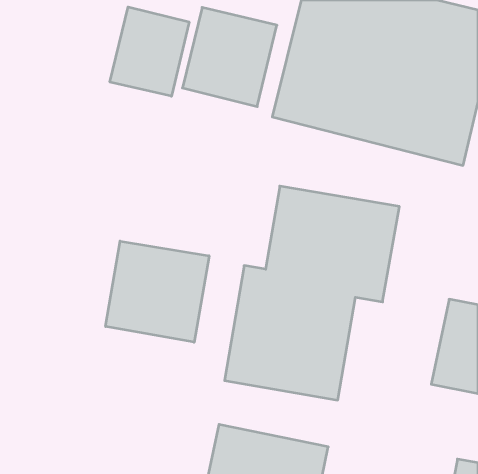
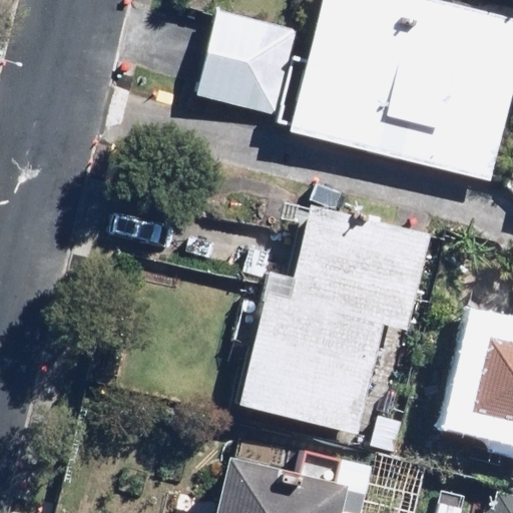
building: [110,7,189,96] -> none
building: [106,241,209,342] -> none

